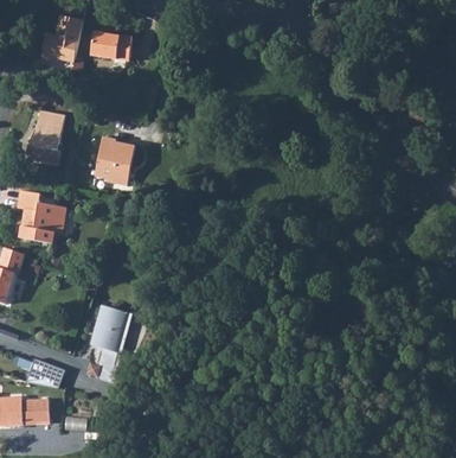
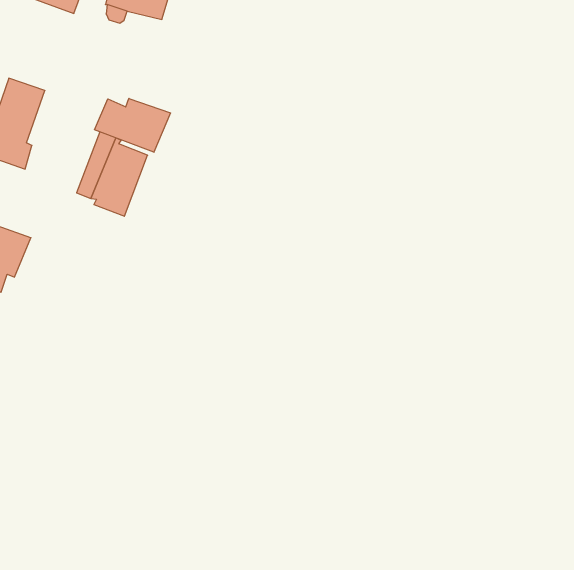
building: none -> [95,98,170,152]
building: [88,307,128,380] -> none

